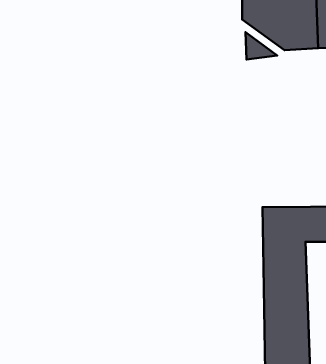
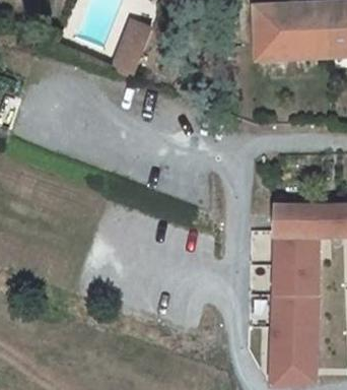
building: none -> [112,22,154,77]

